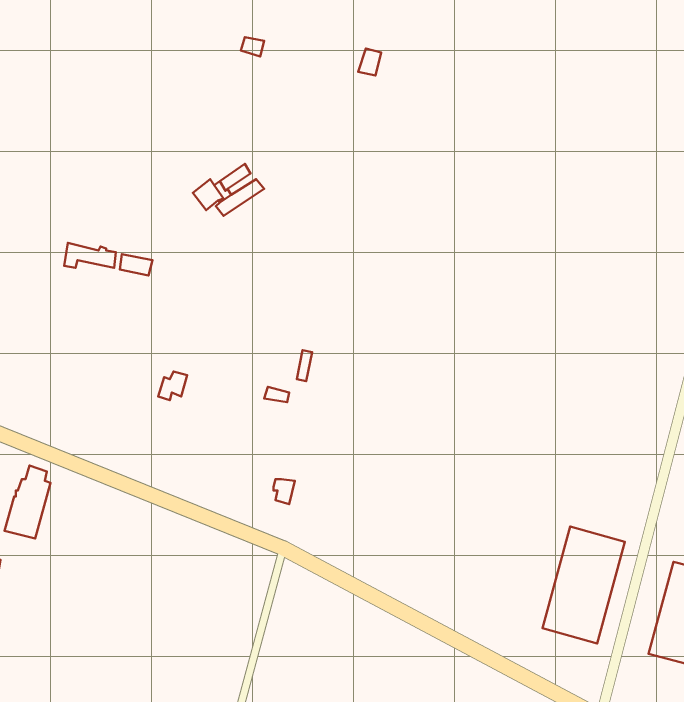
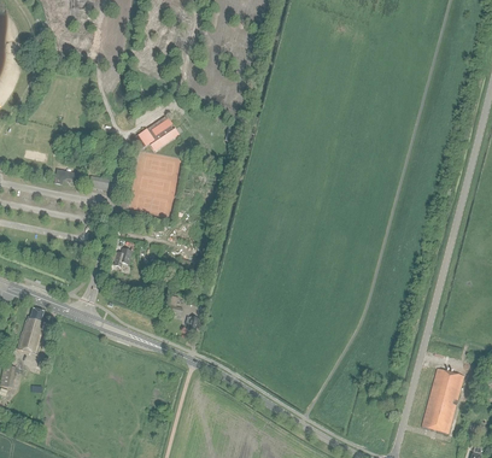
building: [543,527,625,644] -> none

